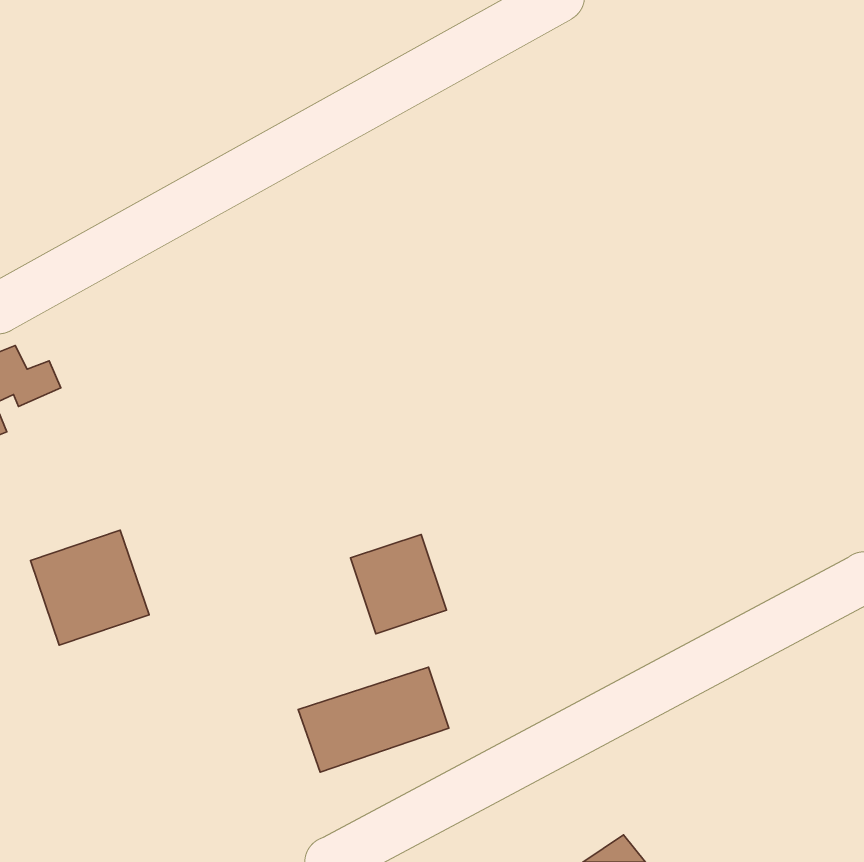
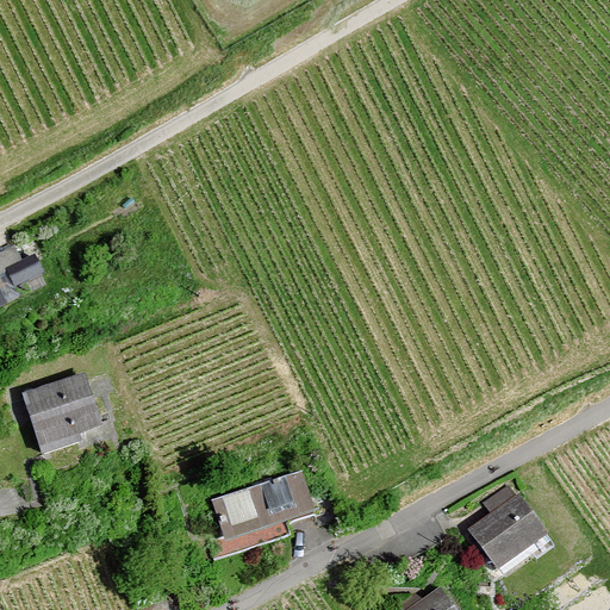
building: [350,534,446,634] -> none
building: none -> [466,494,548,573]

